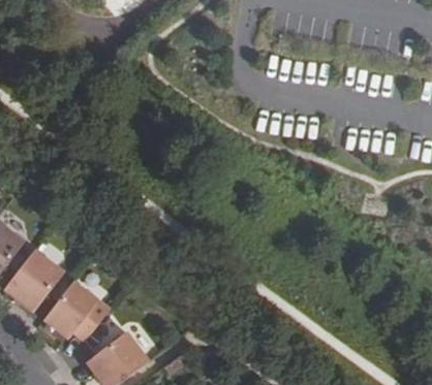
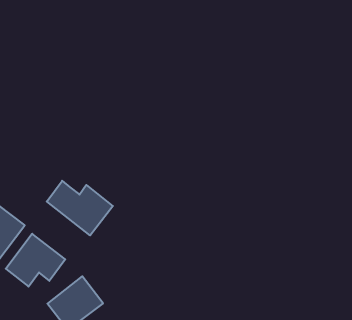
building: none -> [47,181,113,235]

